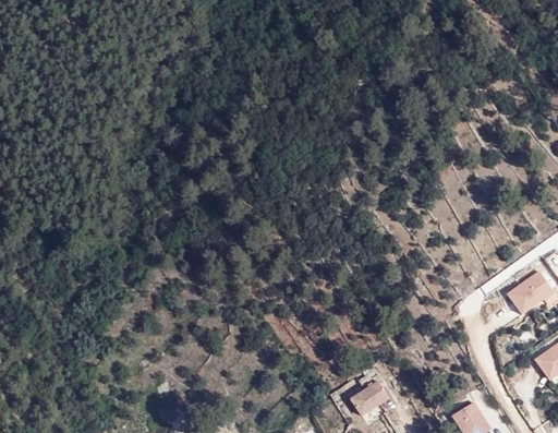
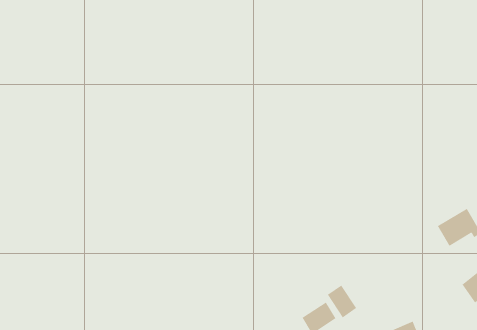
building: none -> [327,284,357,319]

